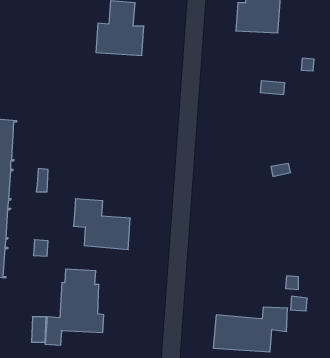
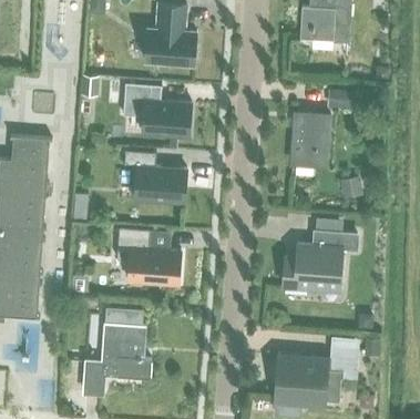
building: none -> [122,83,192,136]
building: none -> [293,113,329,165]
building: none -> [124,149,187,202]
building: none -> [284,231,357,290]

